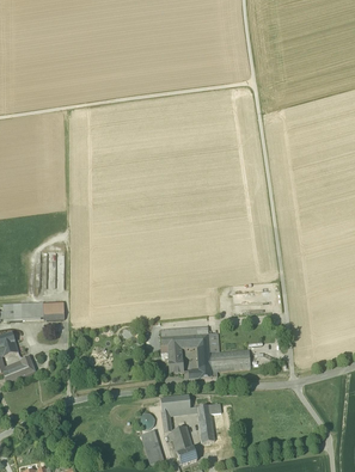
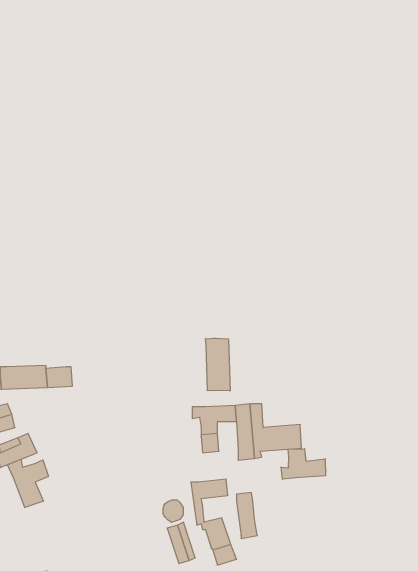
building: none -> [206,338,230,391]
building: none -> [281,449,326,479]
building: none -> [8,459,48,508]

